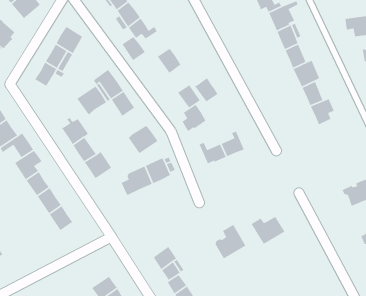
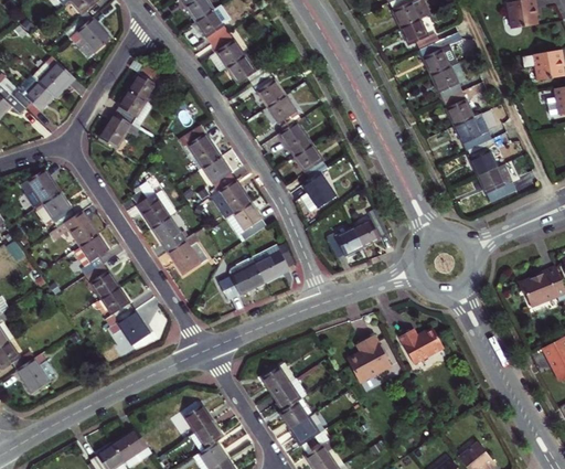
building: [121,36,146,61] -> [252,73,285,107]
building: [194,77,218,102] -> [278,121,311,156]
building: [76,85,107,115] -> [211,177,253,217]

